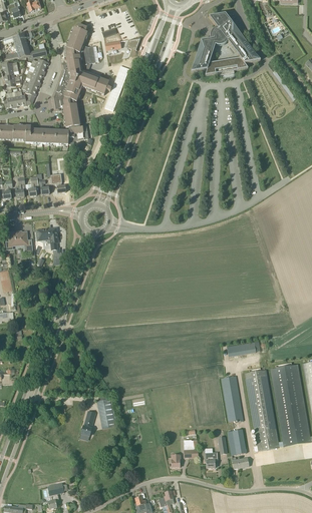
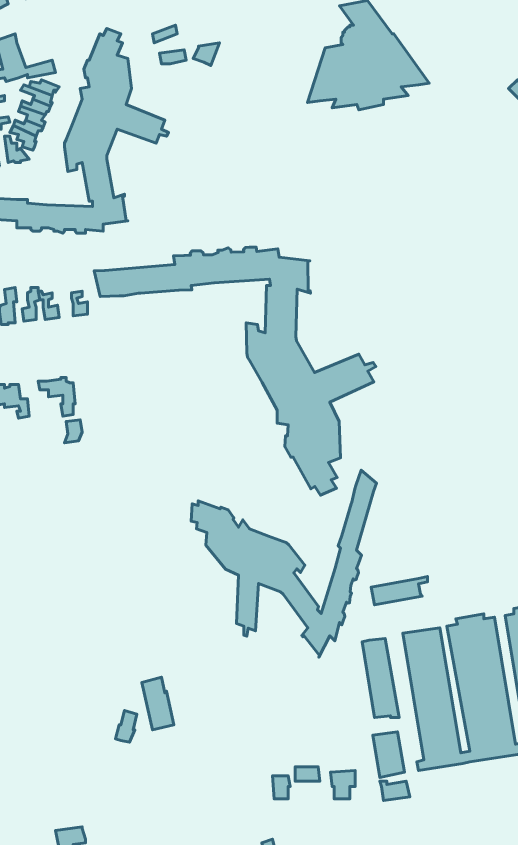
building: none -> [94,247,376,495]
building: none -> [191,470,377,657]

